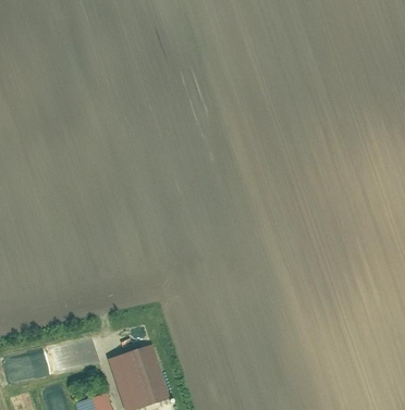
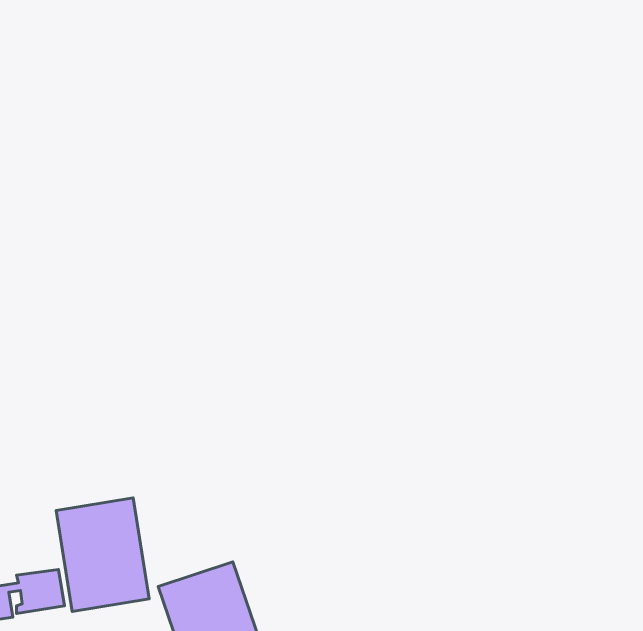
building: none -> [56,498,149,611]

